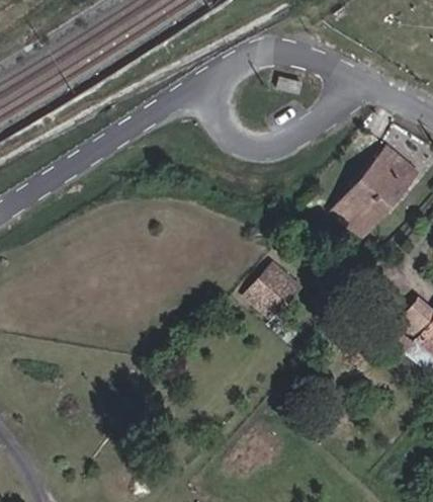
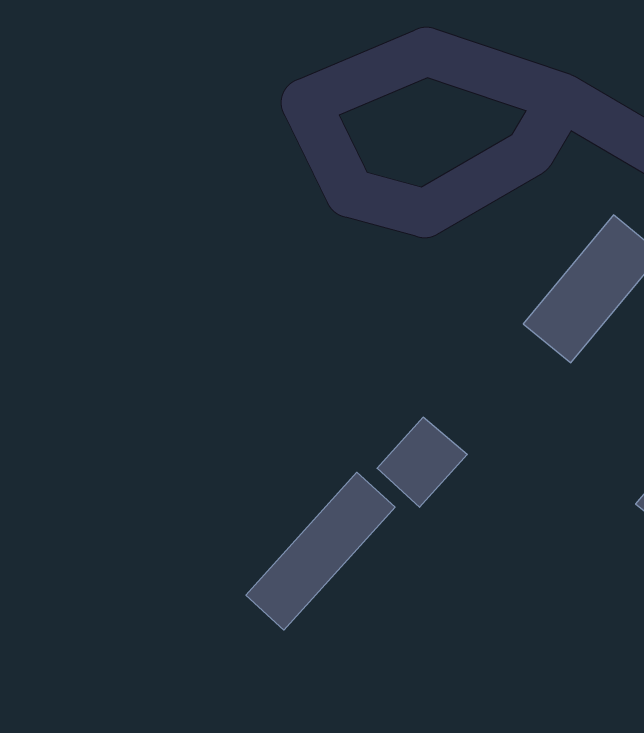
building: none -> [246,472,395,630]

